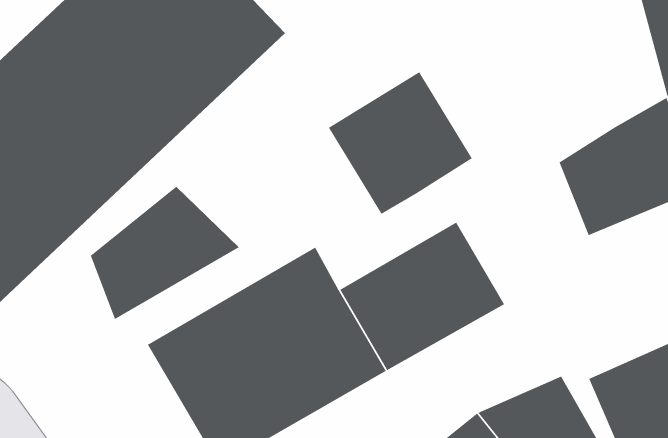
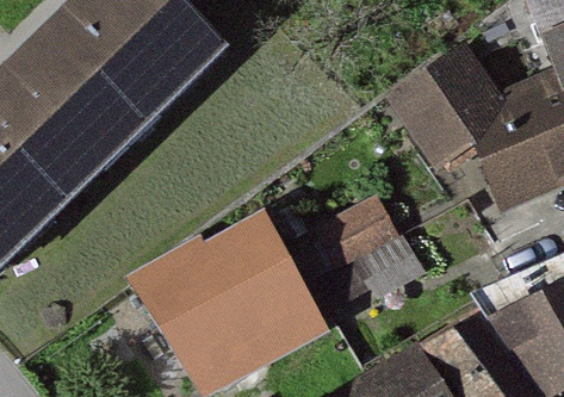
building: [328,71,473,215] -> [386,46,503,162]
building: [90,186,240,320] -> none

